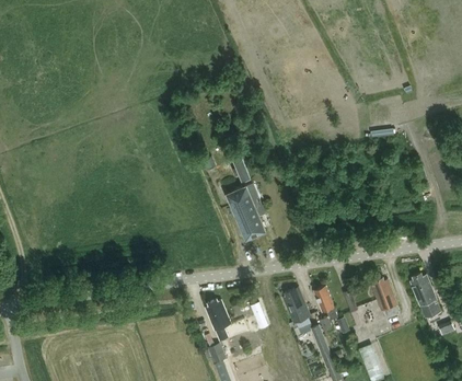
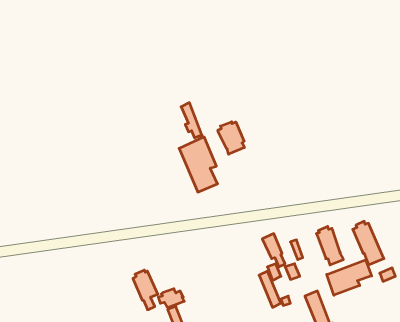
building: none -> [218,122,244,154]
building: [284,289,311,322] -> none
building: [206,298,232,339] -> [133,270,158,310]
building: none -> [327,260,372,295]

